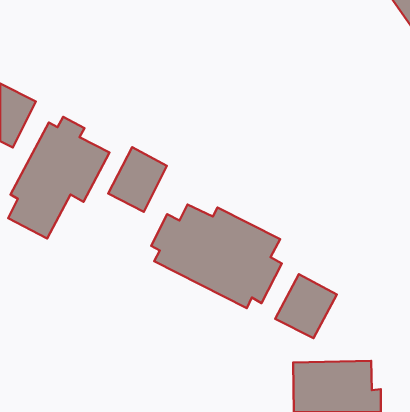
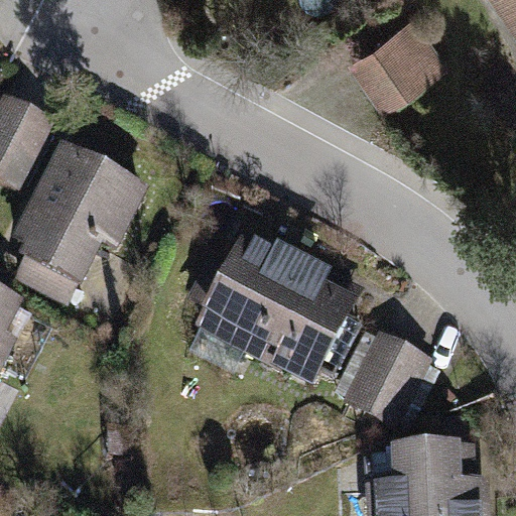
building: none -> [352,17,440,103]
building: [108,147,167,212] -> none

